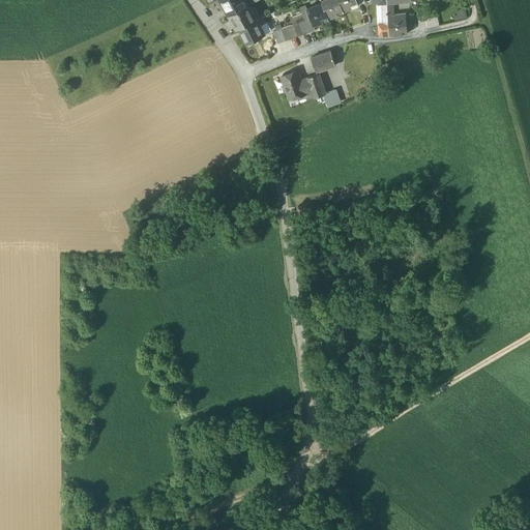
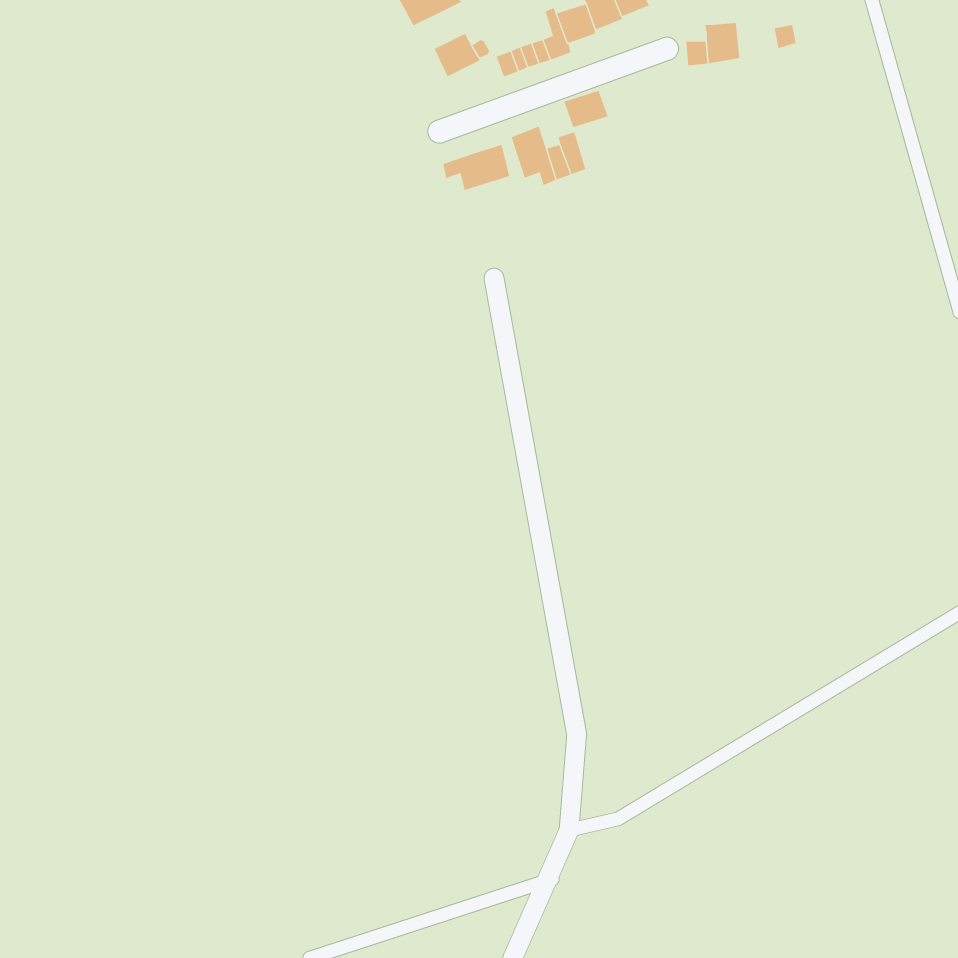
building: [229,4,257,29] -> none
building: none -> [443,144,510,191]

